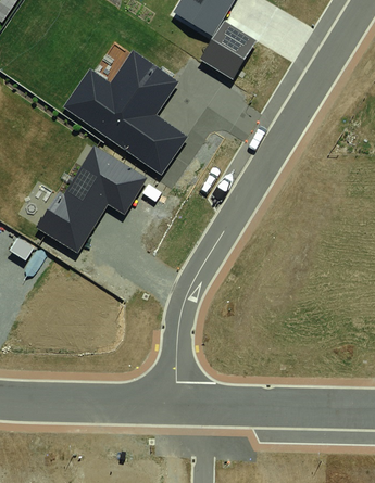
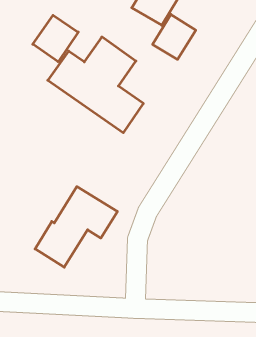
building: none -> [33,15,78,62]
building: [39,145,147,251] -> [35,187,117,267]

